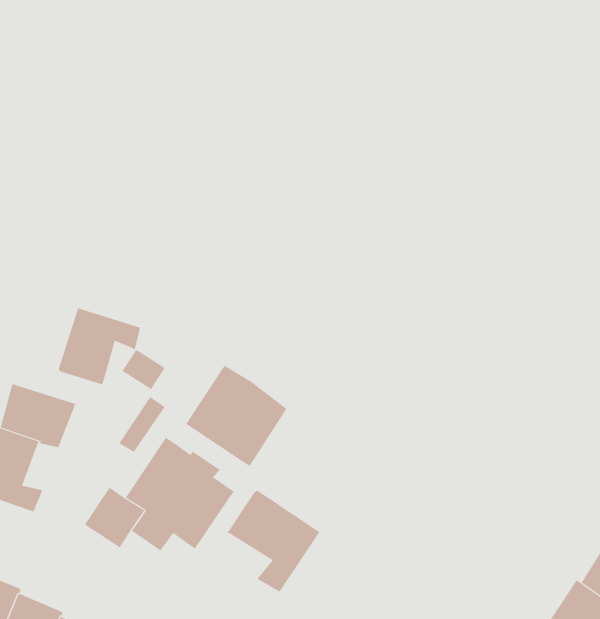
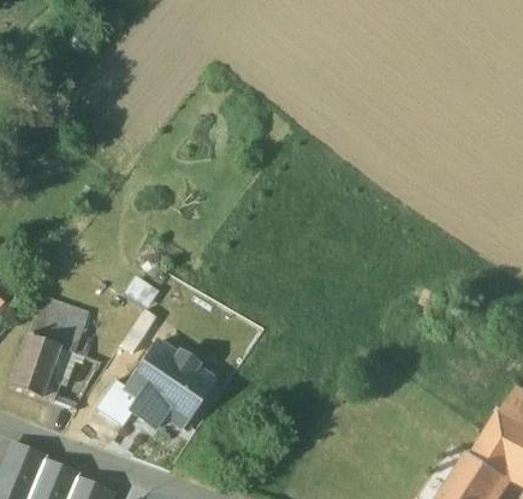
building: [58,307,140,386] -> none
building: [185,365,287,467] -> none
building: [227,490,320,592] -> none

